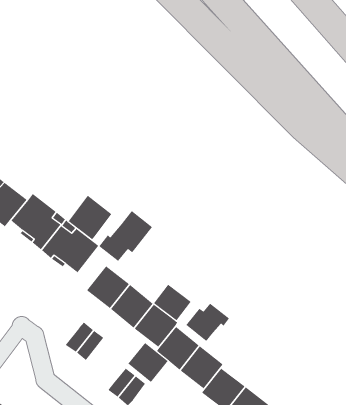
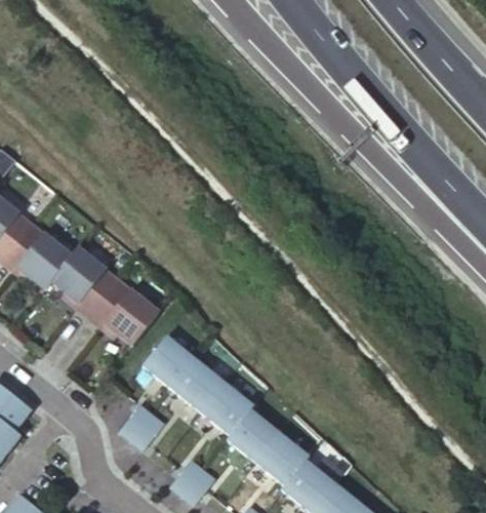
building: [68,195,112,240] -> none
building: [98,210,153,262] -> none
building: [153,284,191,321] -> none
building: [185,303,230,342] -> none
building: [127,342,168,383] -> none

